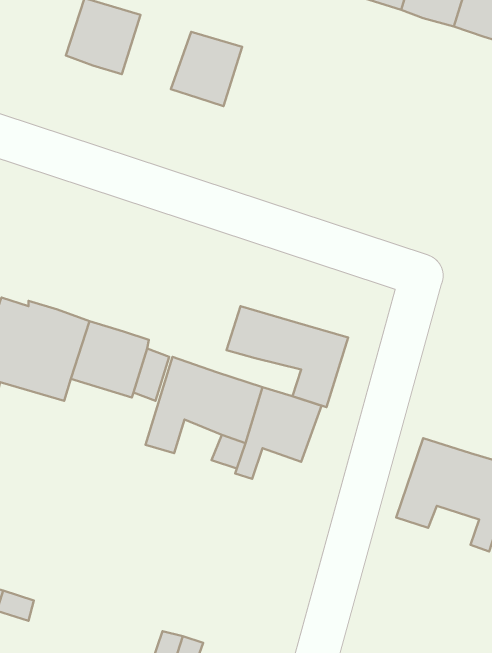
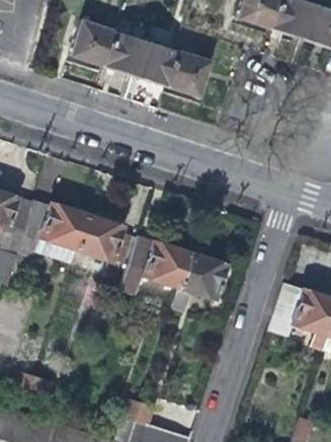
building: none -> [104,29,146,74]
building: none -> [165,49,210,94]
building: [226,306,348,407] -> none

